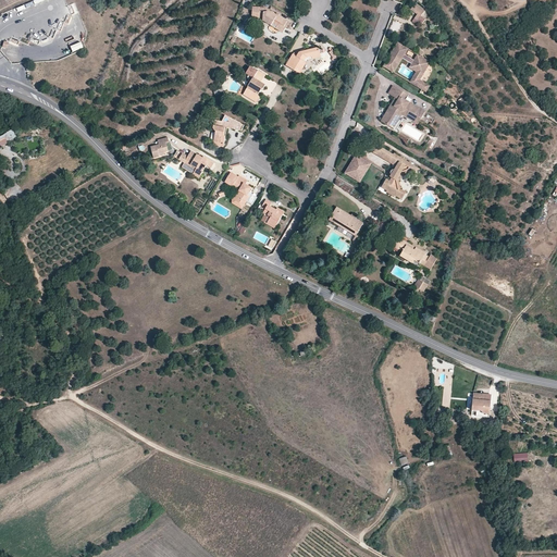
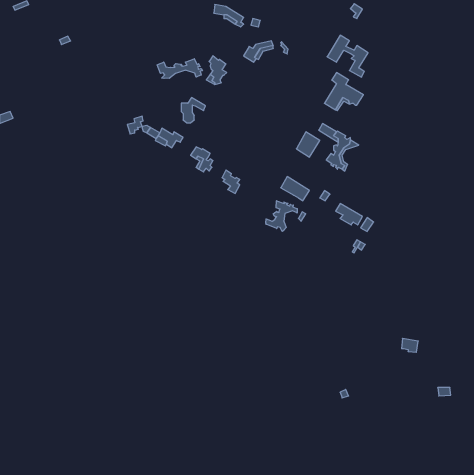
building: none -> [157,59,202,78]
building: none -> [266,201,297,231]

